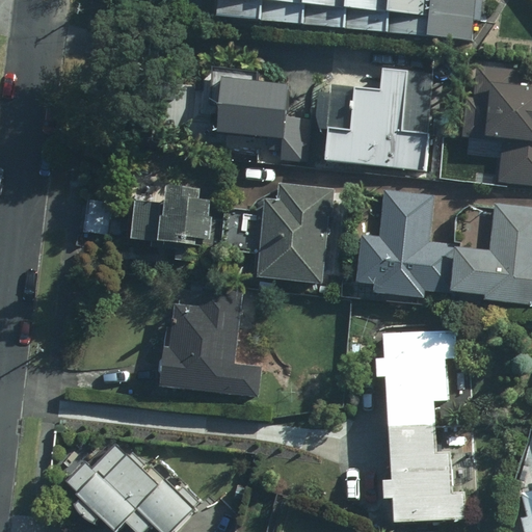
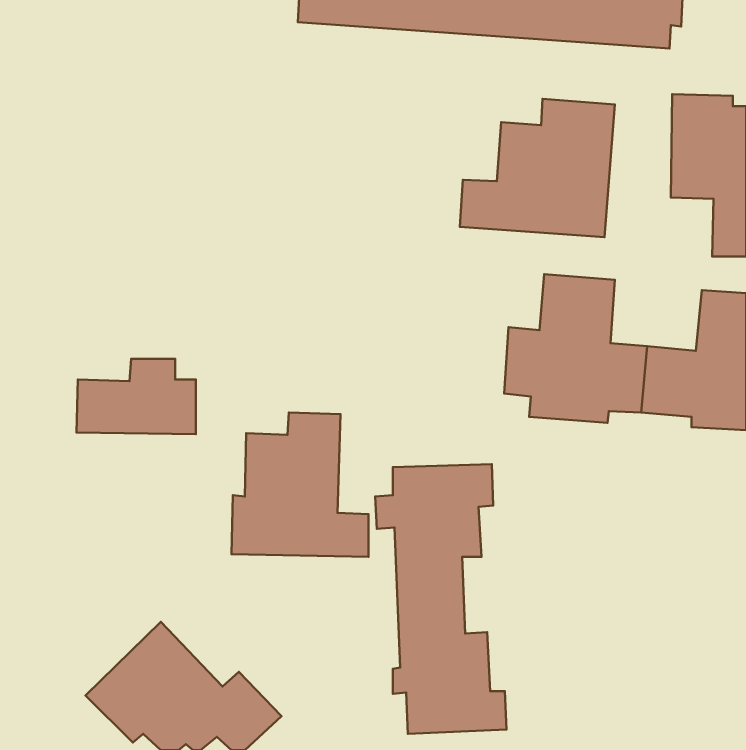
building: [218,79,308,161] -> none
building: [230,183,327,277] -> none
building: [128,187,212,240] -> [76,359,196,434]
building: [372,332,464,523] -> [375,464,506,734]

